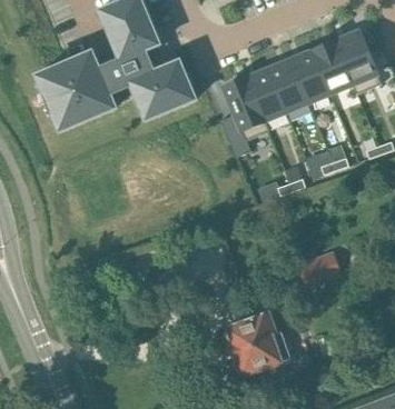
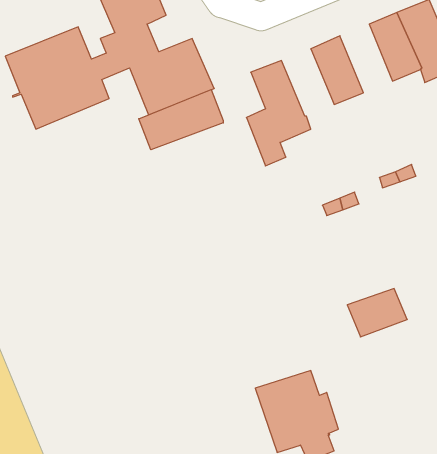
building: [292,49,332,101] -> none
building: [247,68,287,119] -> none
building: none -> [139,90,223,150]

